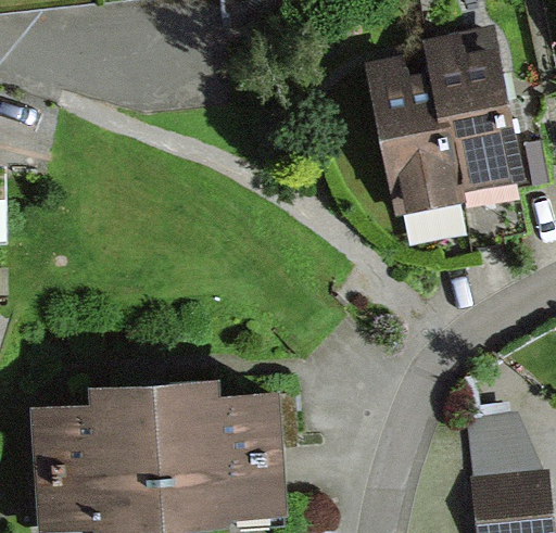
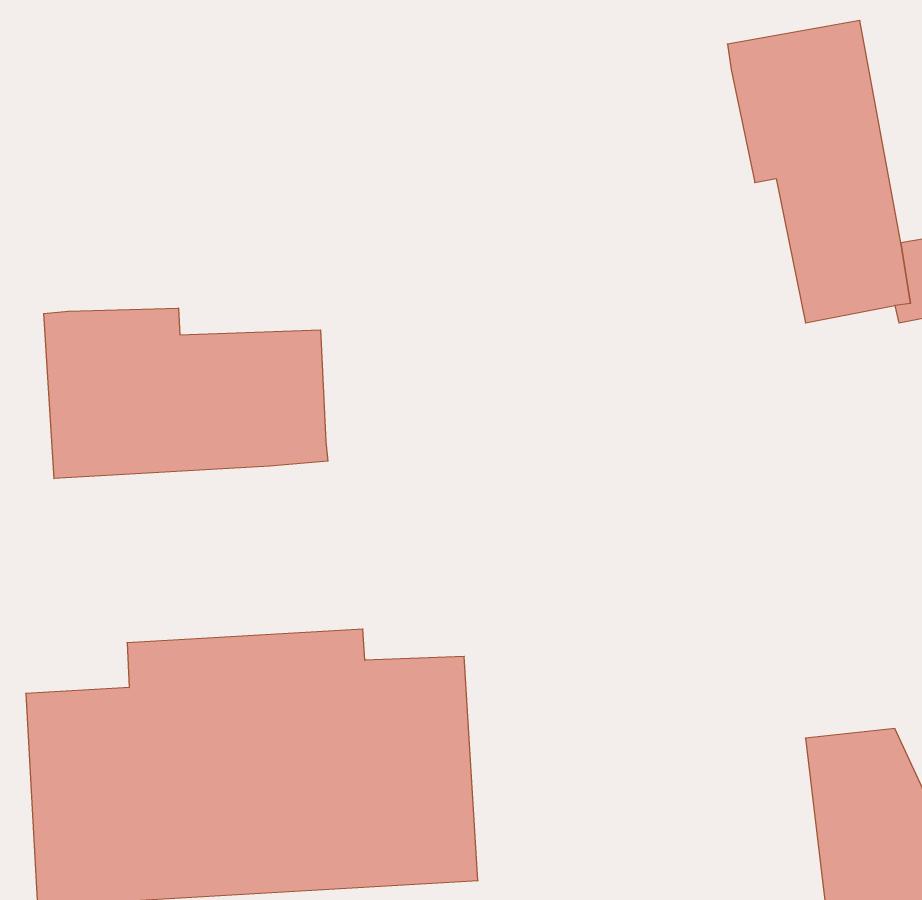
building: [365,59,469,229] -> none
building: none -> [44,308,328,479]

